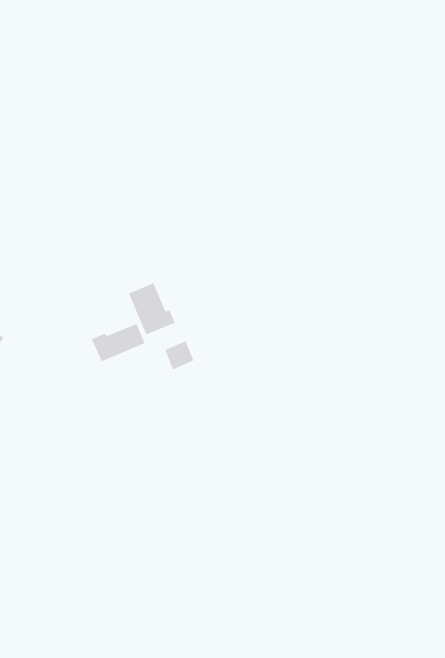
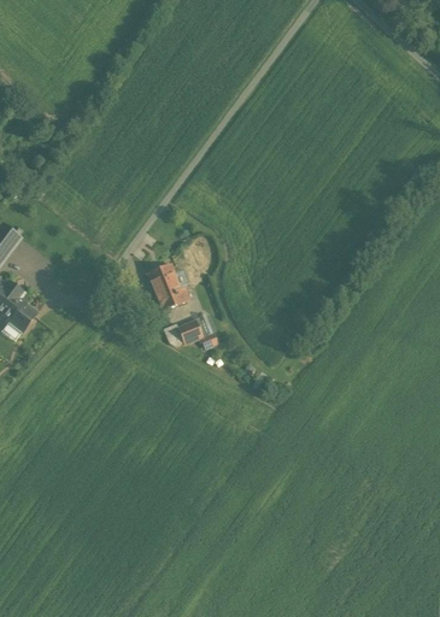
building: [91,323,145,362] -> none

